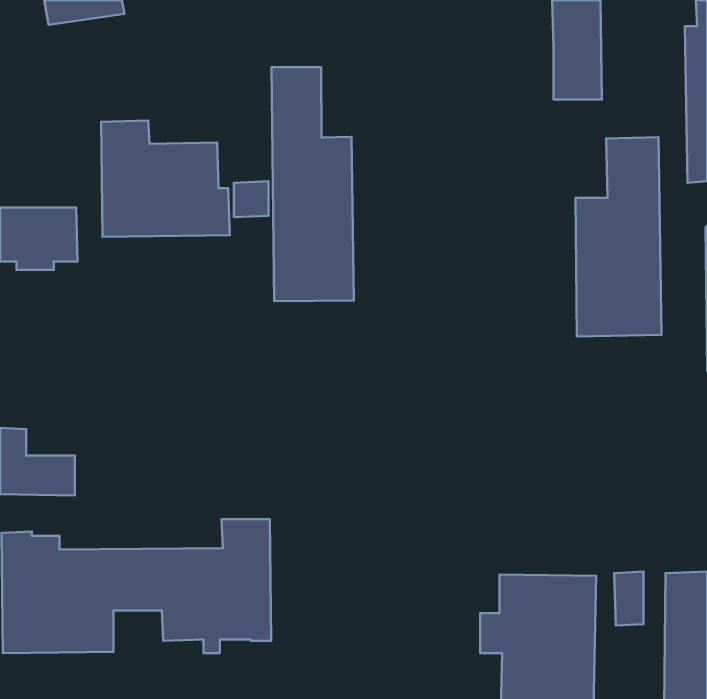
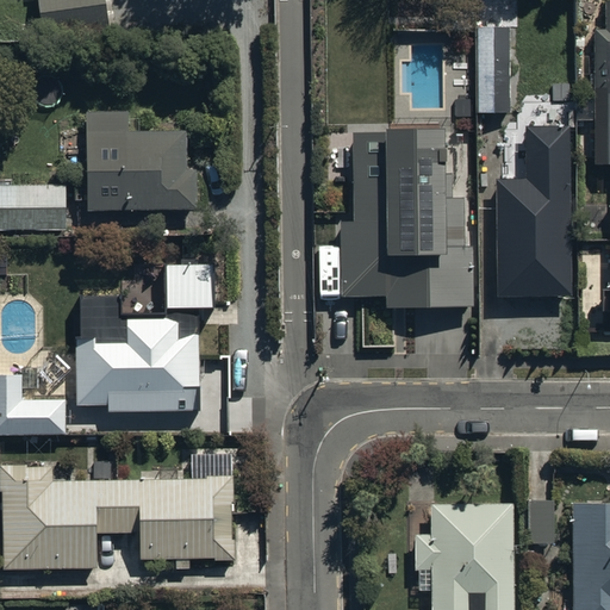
building: [271,67,354,301] -> none
building: none -> [341,120,472,306]
building: none -> [76,262,213,412]

